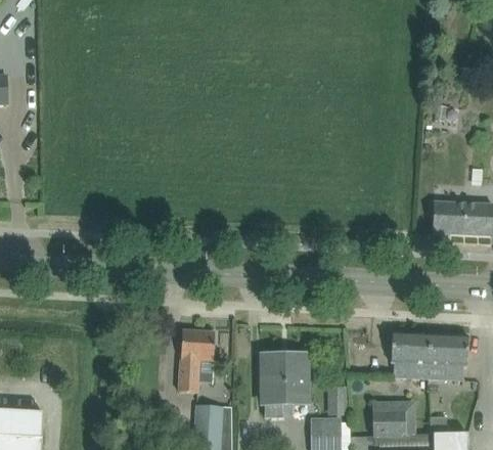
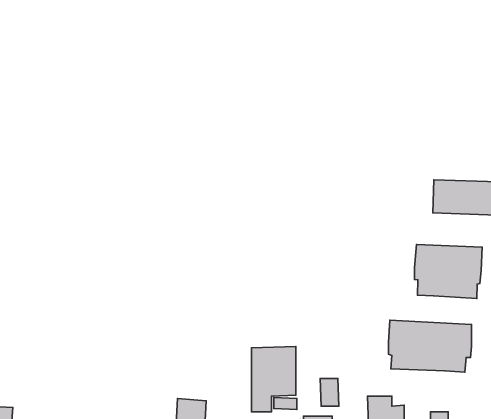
building: none -> [414,244,482,298]
building: [178,329,215,392] -> none

